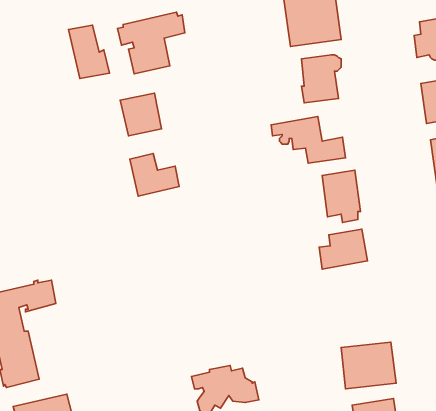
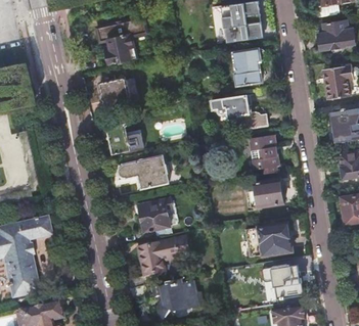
building: [69,25,109,78] -> none
building: none -> [115,155,168,189]
building: none -> [138,198,178,233]
building: none -> [244,223,291,257]
building: none -> [139,238,189,276]

